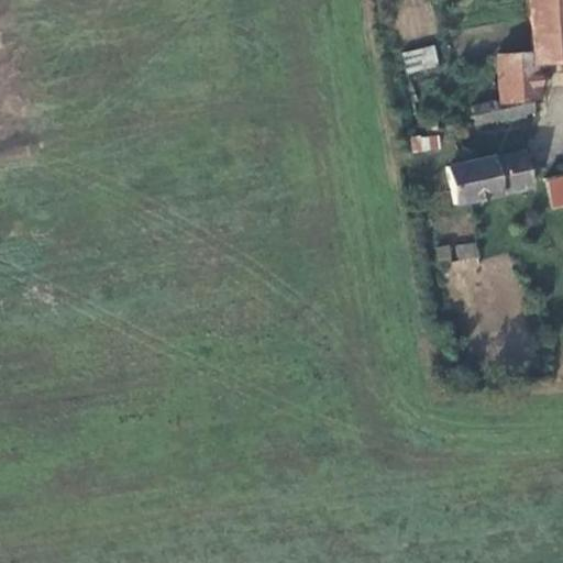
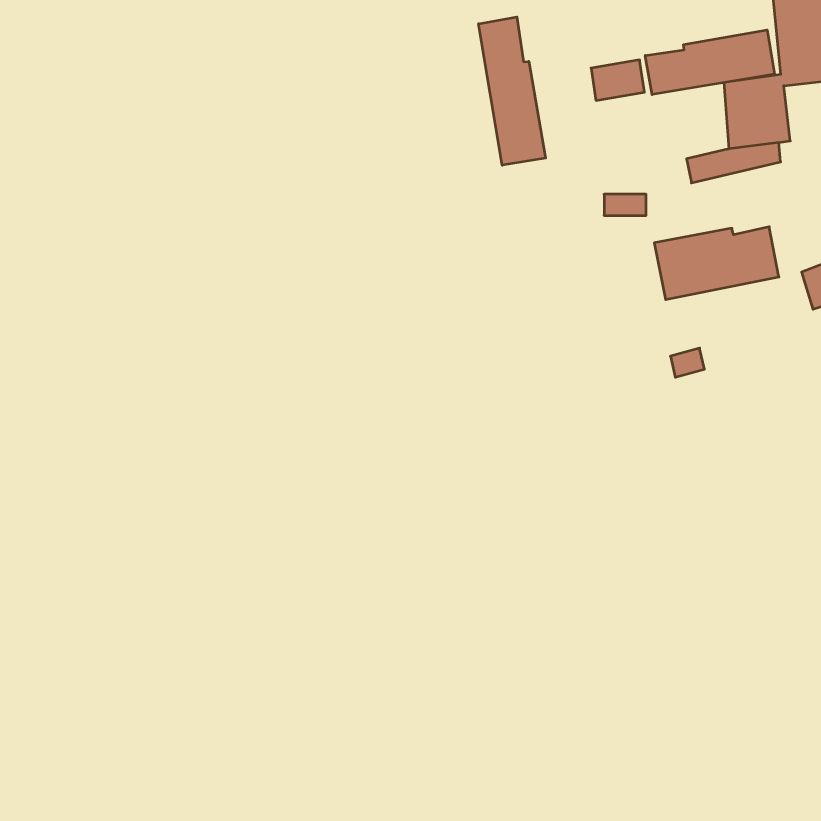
building: none -> [479,17,546,165]
building: none -> [645,30,775,95]

